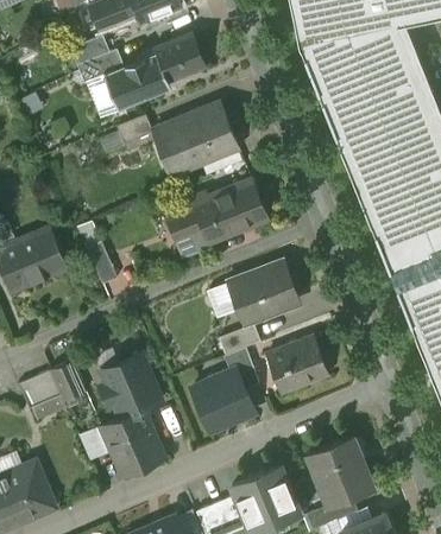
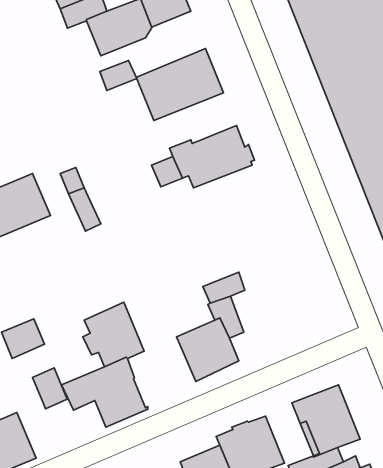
building: [232,262,296,322] -> none
building: [266,336,328,393] -> none
building: [51,361,86,401] -> [32,368,67,409]

